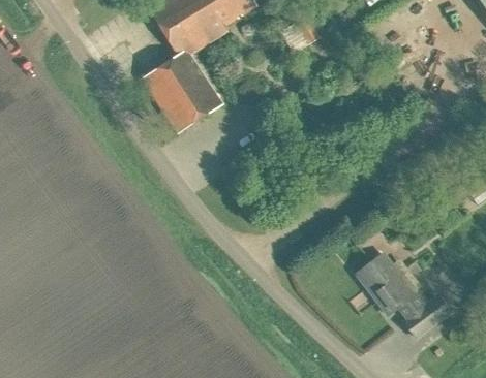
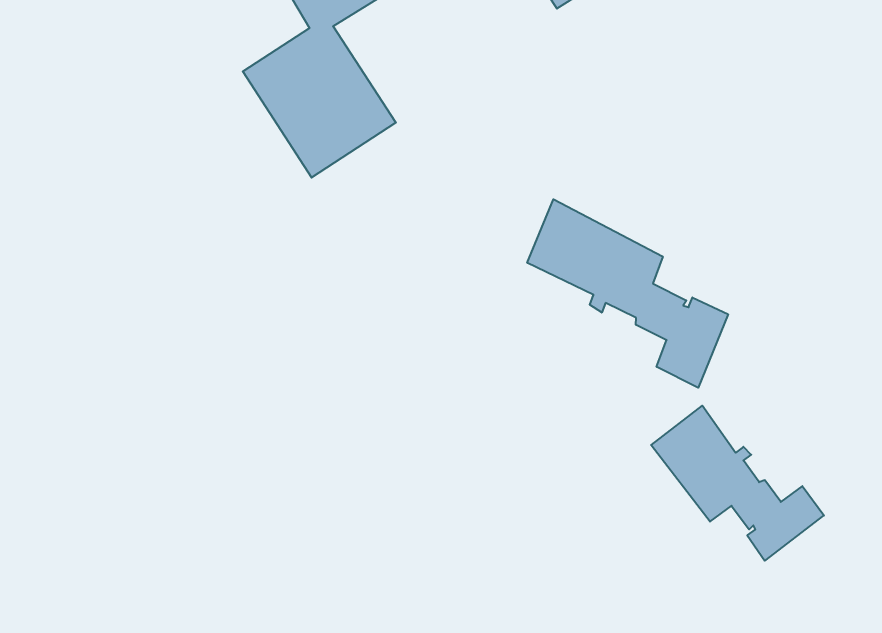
building: none -> [527,199,728,388]

